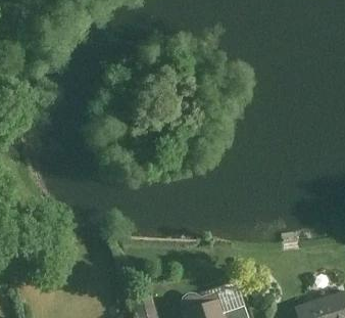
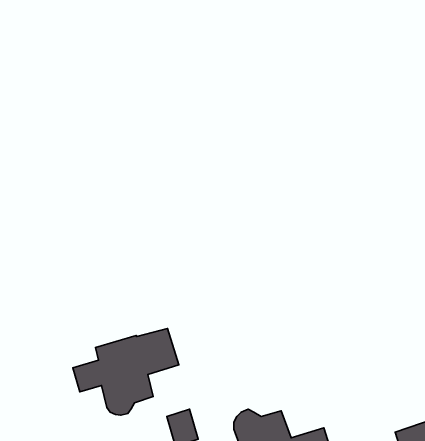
building: none -> [73,329,179,415]

